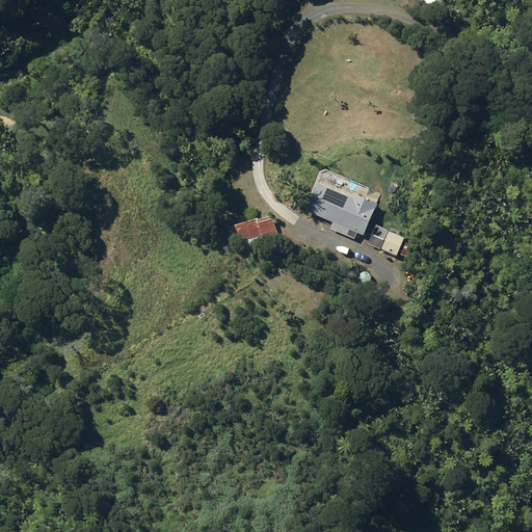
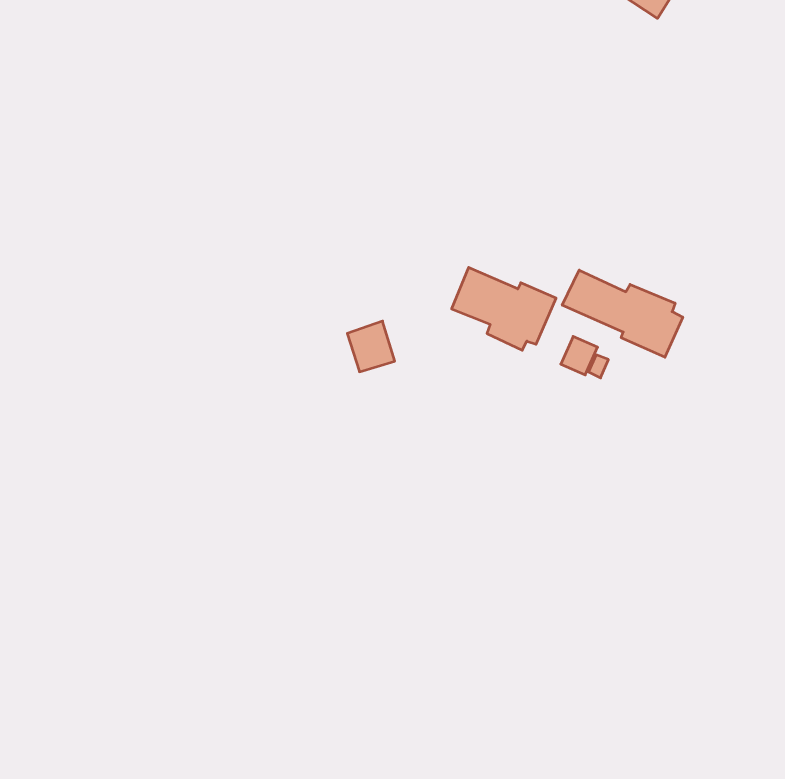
building: none -> [562,270,683,357]

